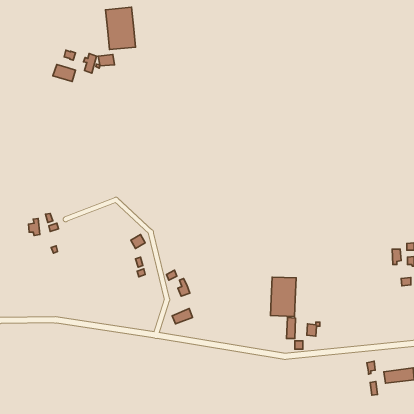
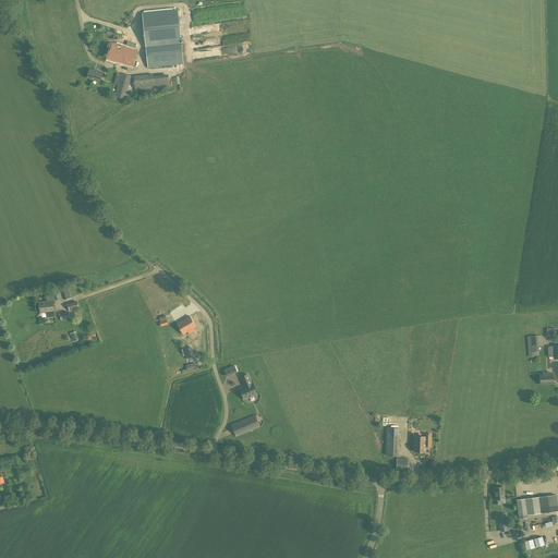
building: [53,65,76,82] -> [106,43,136,65]
building: [271,277,296,316] -> none

